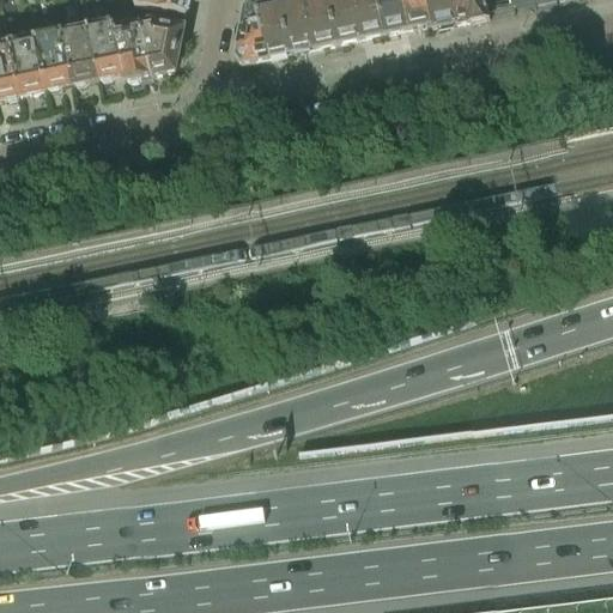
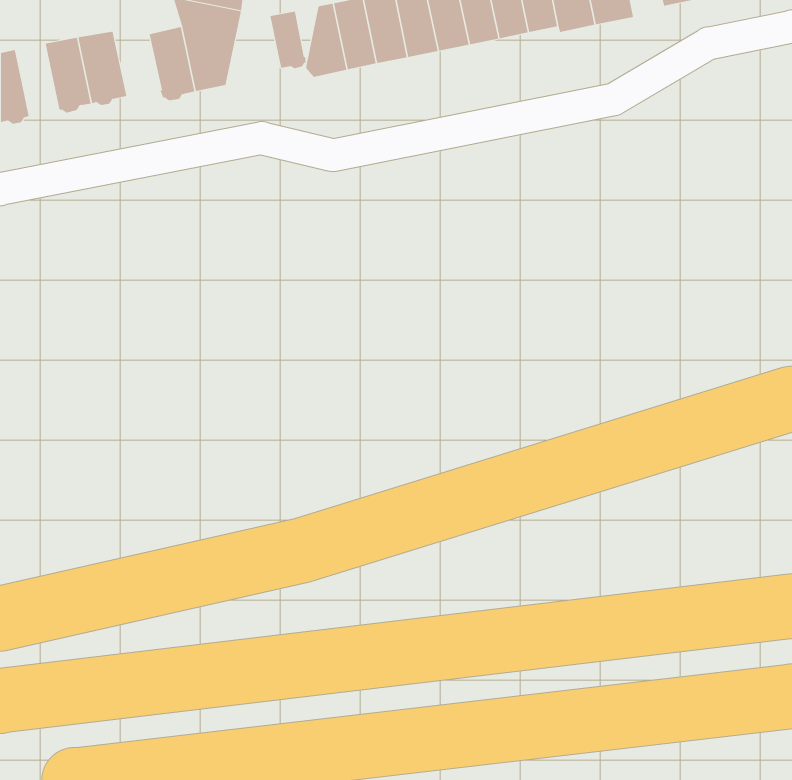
building: none -> [270,11,306,69]
building: [87,18,125,77] -> none
building: [12,34,45,90] -> none

